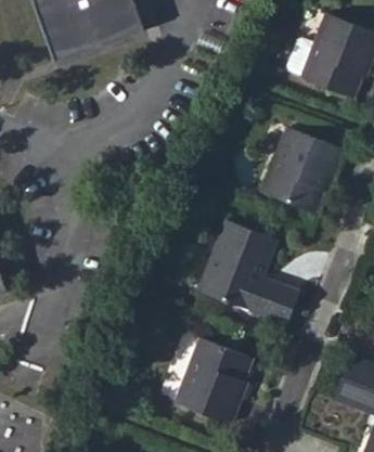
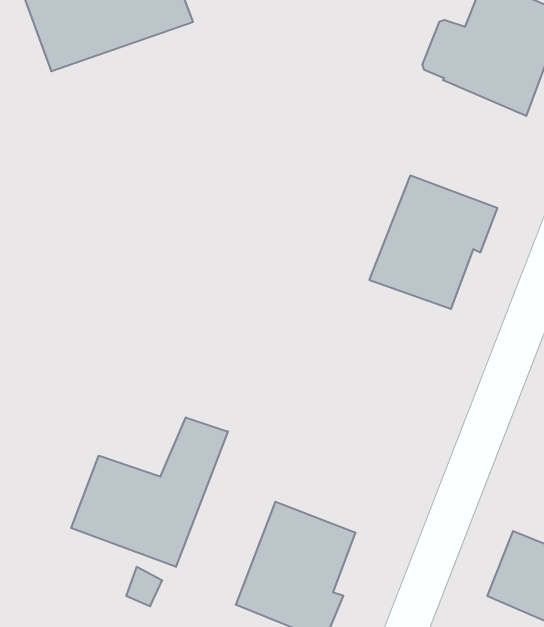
building: [195,223,293,324] -> none
building: none -> [71,417,228,567]

